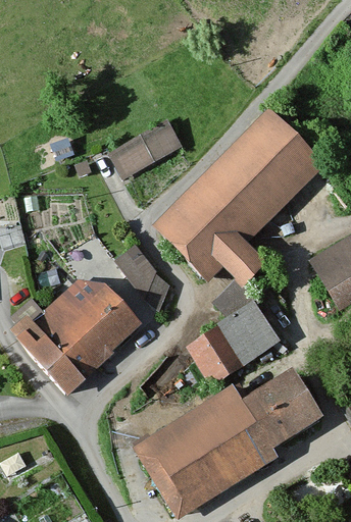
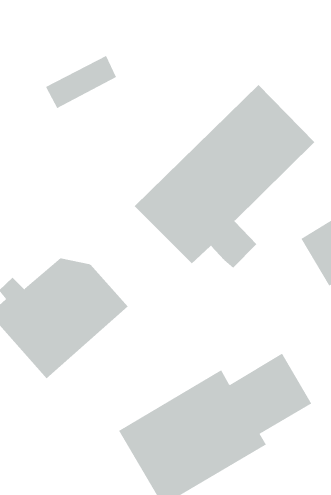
building: [107,120,177,172] -> [45,55,117,109]
building: [114,243,166,307] -> none
building: [188,279,280,386] -> none

